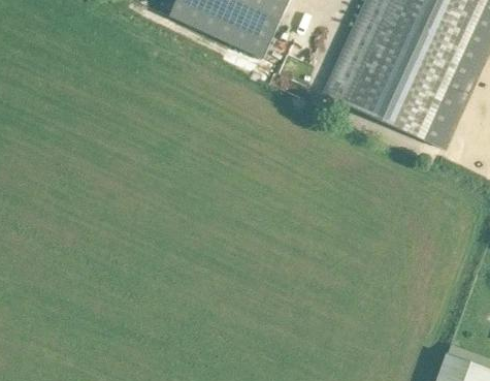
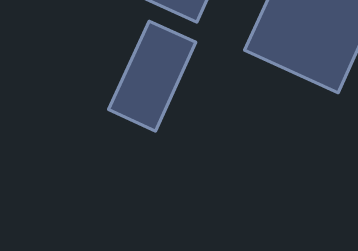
building: none -> [108,21,196,131]

